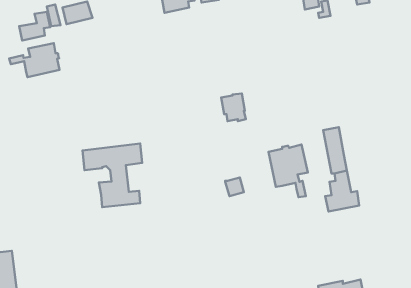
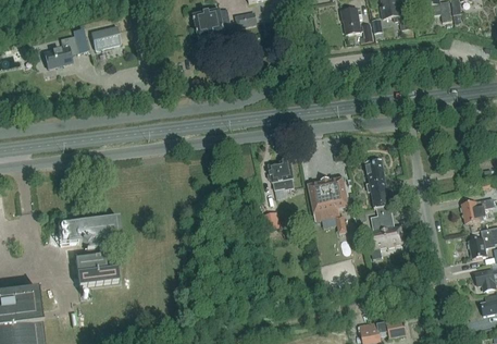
building: [9,43,59,77] -> none
building: [221,93,246,121] -> [268,159,294,188]
building: [82,143,142,207] -> [57,218,120,285]

